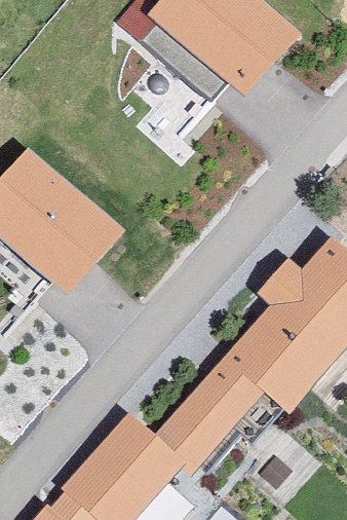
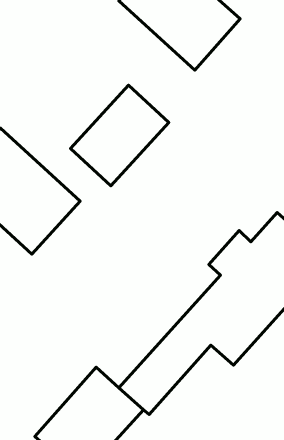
building: none -> [70,85,169,186]

